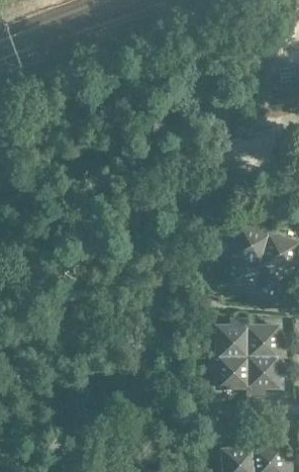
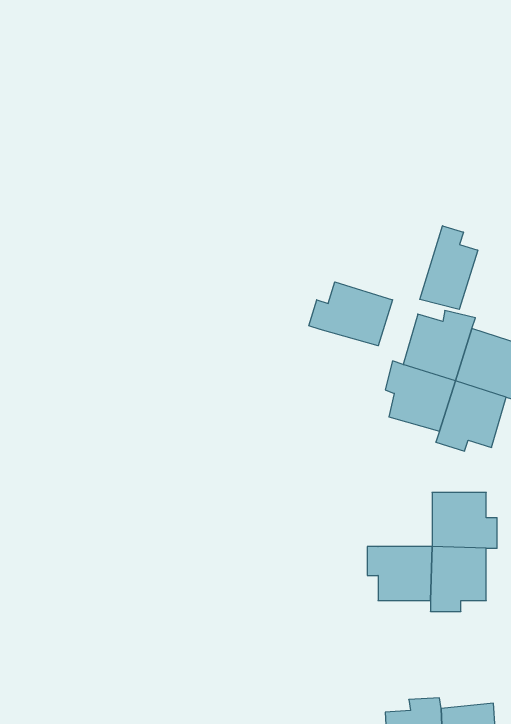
building: none -> [420,226,478,309]
building: none -> [309,282,393,346]
building: [218,319,248,356] -> none

